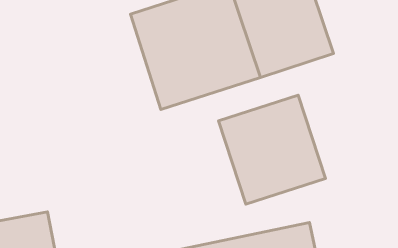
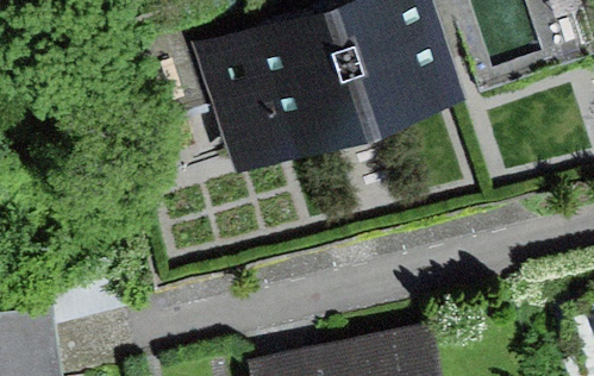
building: [218,95,326,204] -> none

